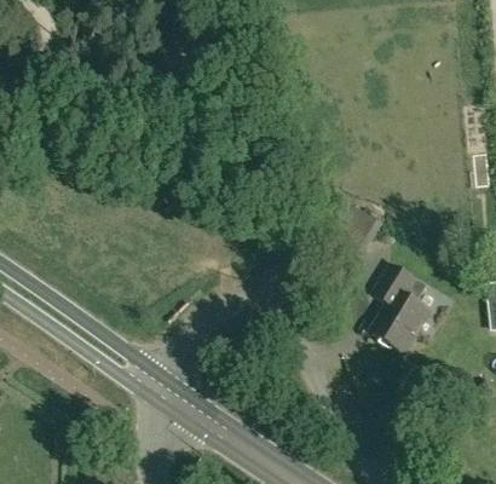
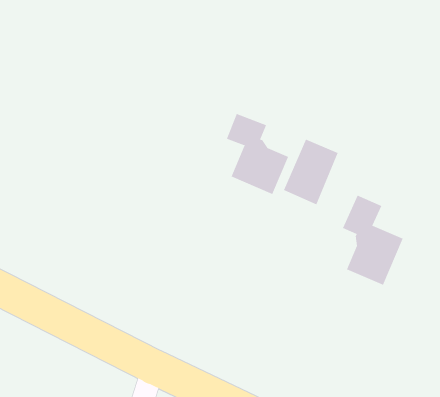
building: none -> [226,113,289,195]

